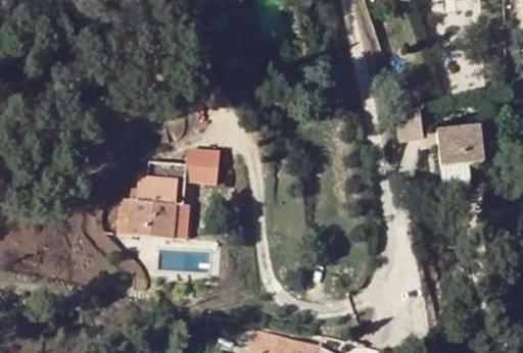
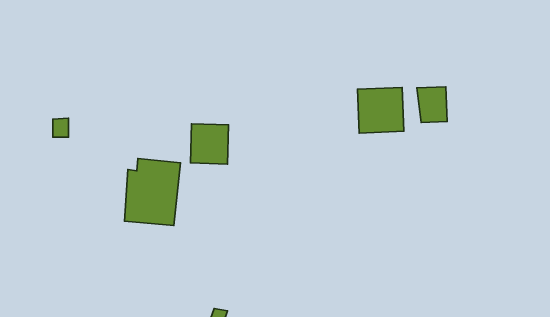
building: none -> [358,88,404,133]
building: [436,128,482,170] -> none

